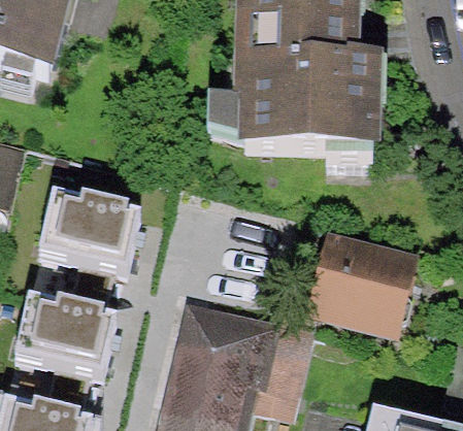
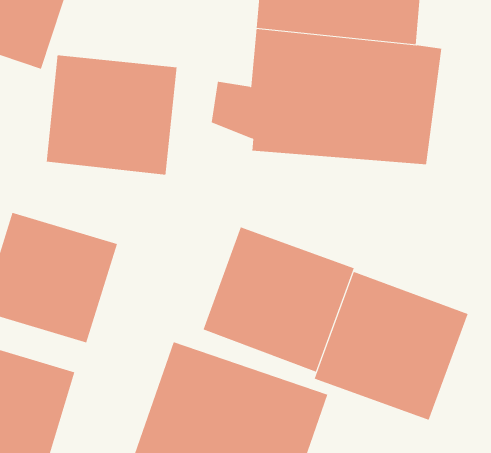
building: none -> [46,55,177,175]
building: none -> [203,227,354,372]

